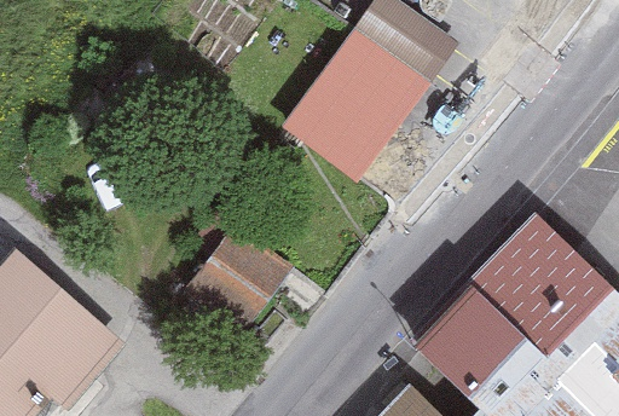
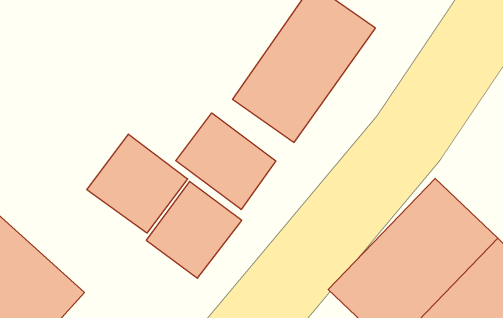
building: none -> [176,113,276,210]
building: none -> [87,134,188,233]

